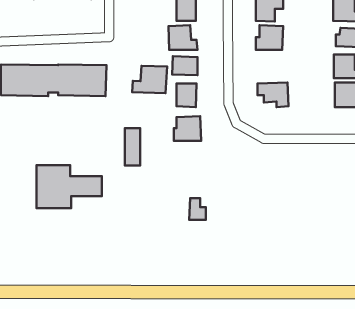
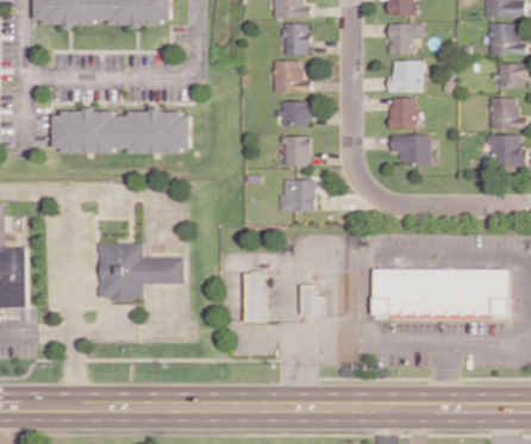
building: none -> [388,98,416,129]
building: [132,66,167,93] -> none
building: [125,128,140,165] -> [245,273,266,321]
building: none -> [373,269,508,318]

